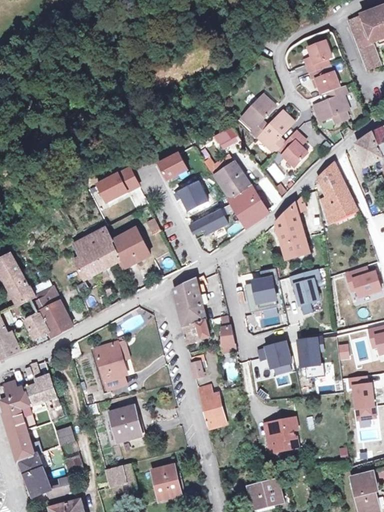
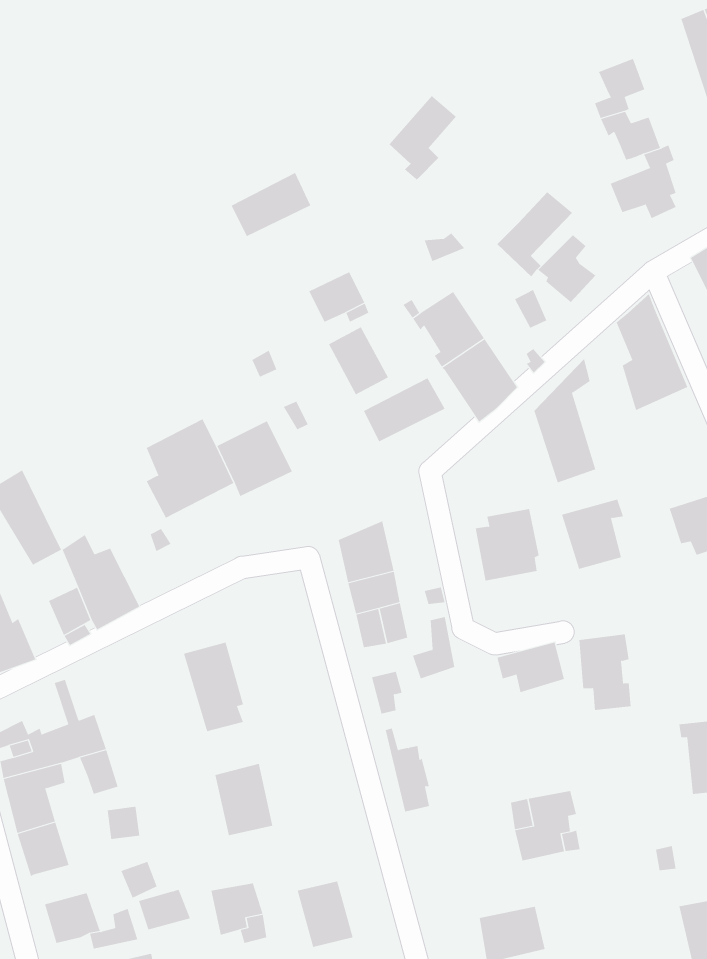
building: [240,94,275,138] -> [388,95,457,181]
building: [97,166,138,199] -> [231,172,311,237]
building: [19,453,46,474] -> [138,889,191,930]

